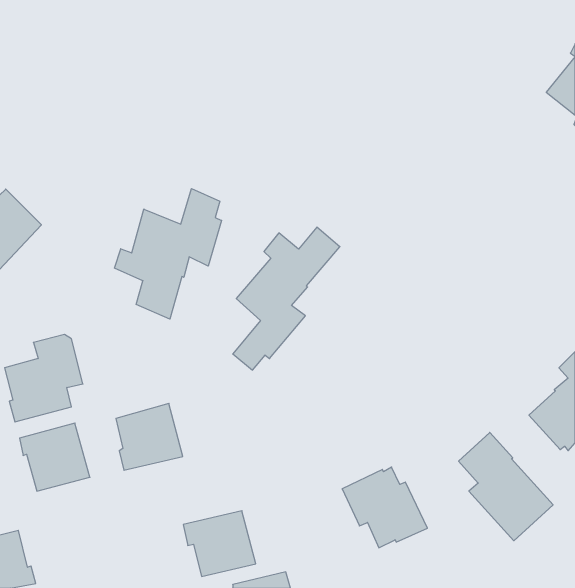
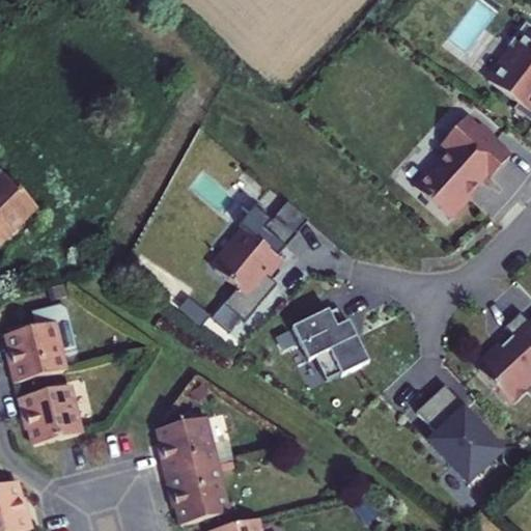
building: none -> [414,116,512,218]
building: [115,189,222,319] -> none
building: [116,403,183,470] -> [158,412,218,472]
building: [342,467,427,548] -> [289,310,366,383]

